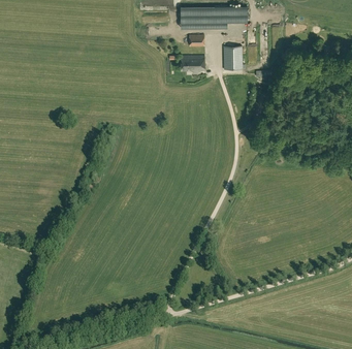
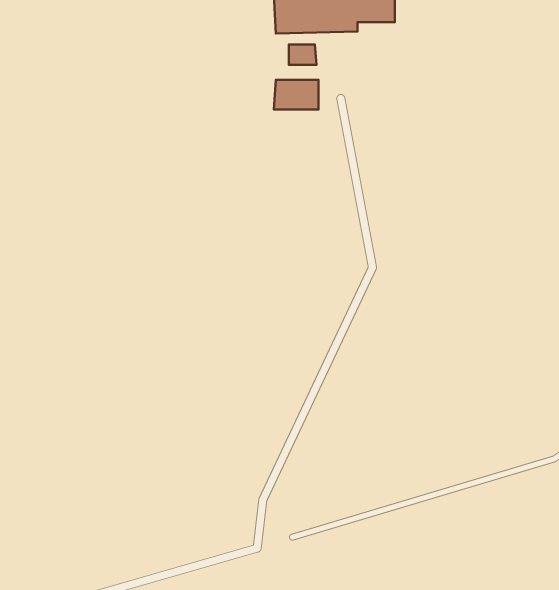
building: [222,45,243,69] -> none

